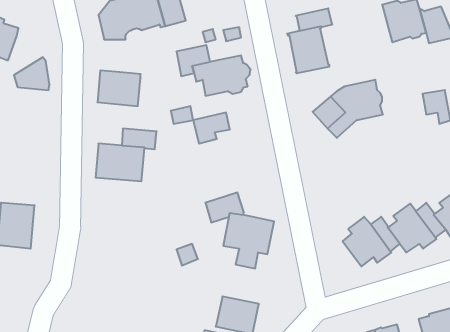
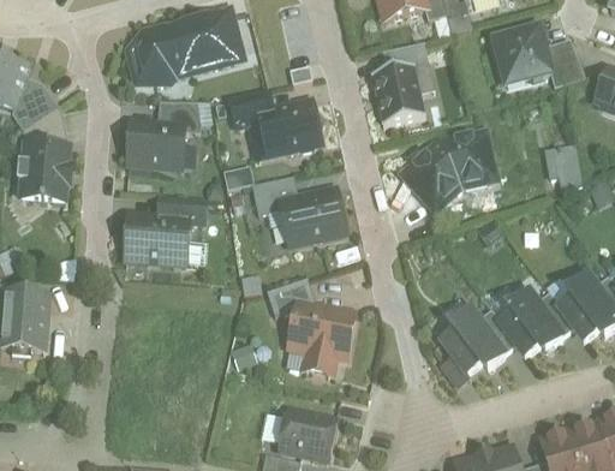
building: none -> [12,77,59,127]
building: none -> [157,101,201,132]
building: none -> [18,143,71,202]
building: none -> [279,189,346,246]

